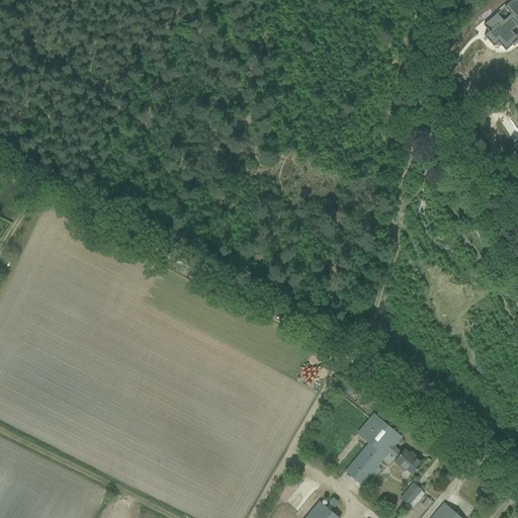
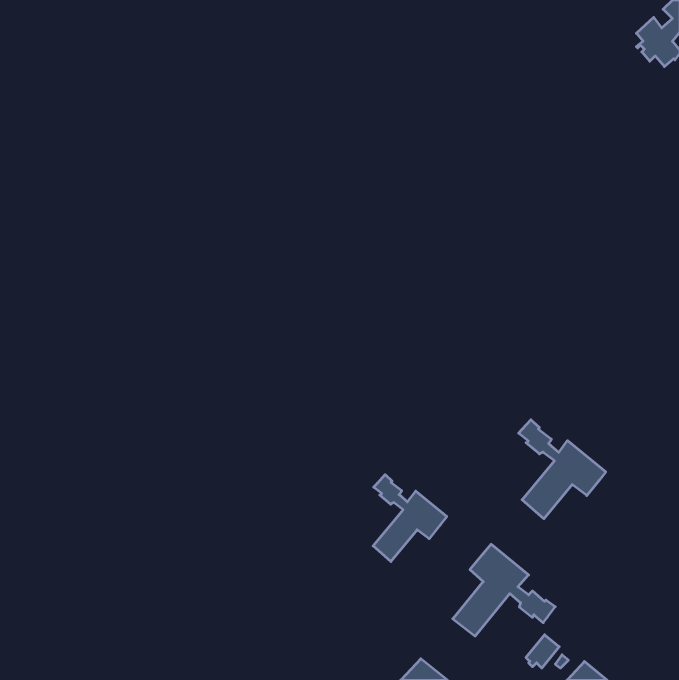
building: none -> [519,420,606,519]
building: none -> [373,475,447,562]

